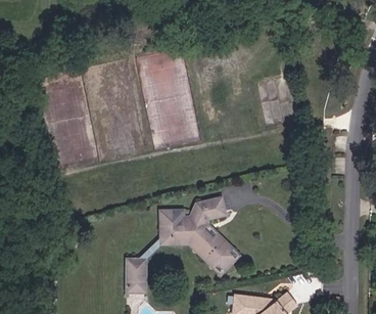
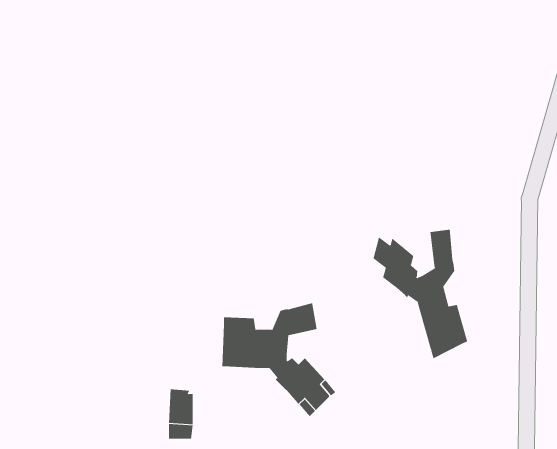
building: none -> [373,229,468,359]

